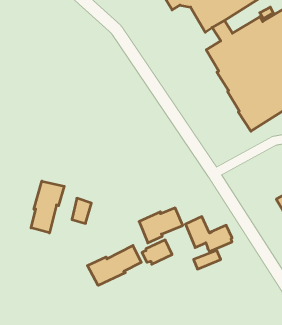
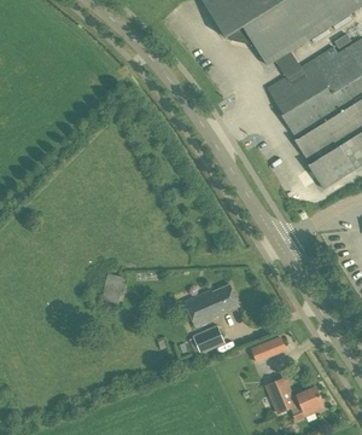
building: [31,181,64,233] -> none
building: [185,217,232,251] -> [264,376,322,419]
building: [87,245,141,285] -> none

